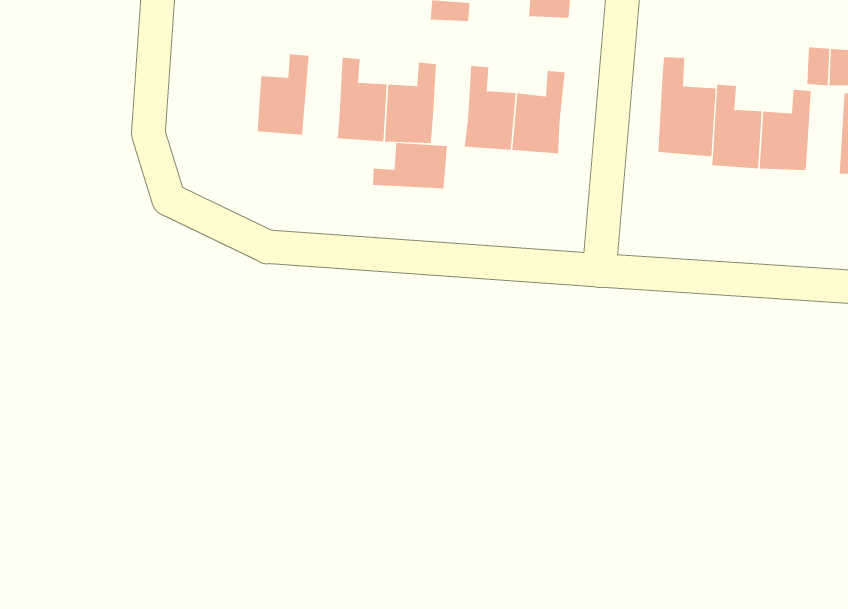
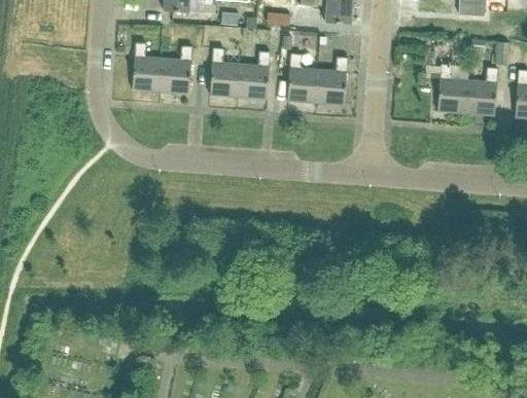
building: none -> [132,42,163,93]
building: [658,57,716,157] -> none
building: [373,142,447,189] -> none

